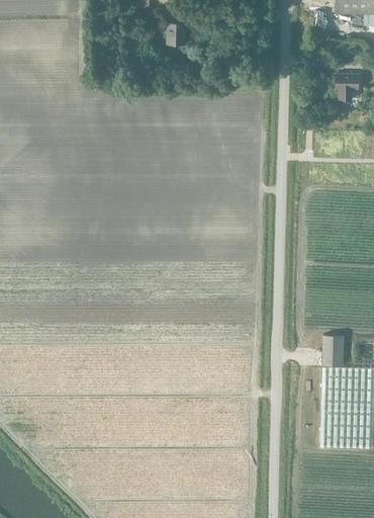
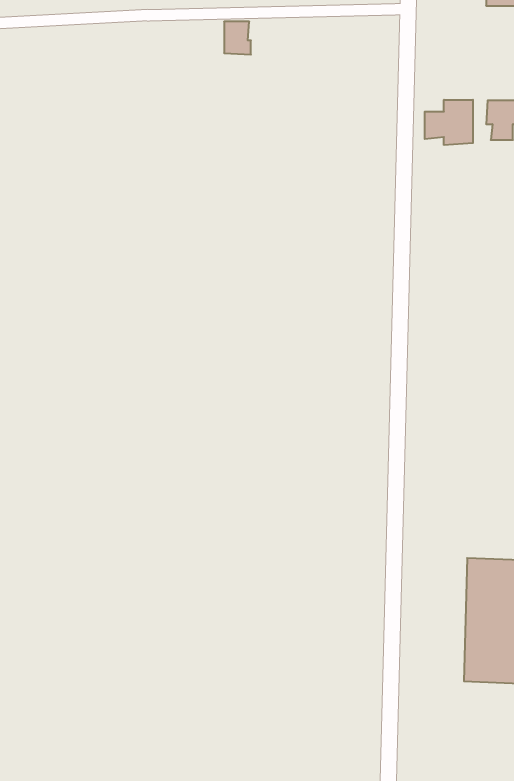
building: none -> [425,100,473,145]
building: [323,336,345,365] -> none

